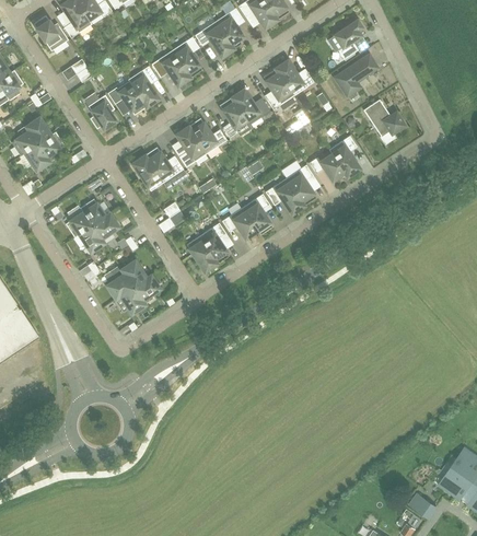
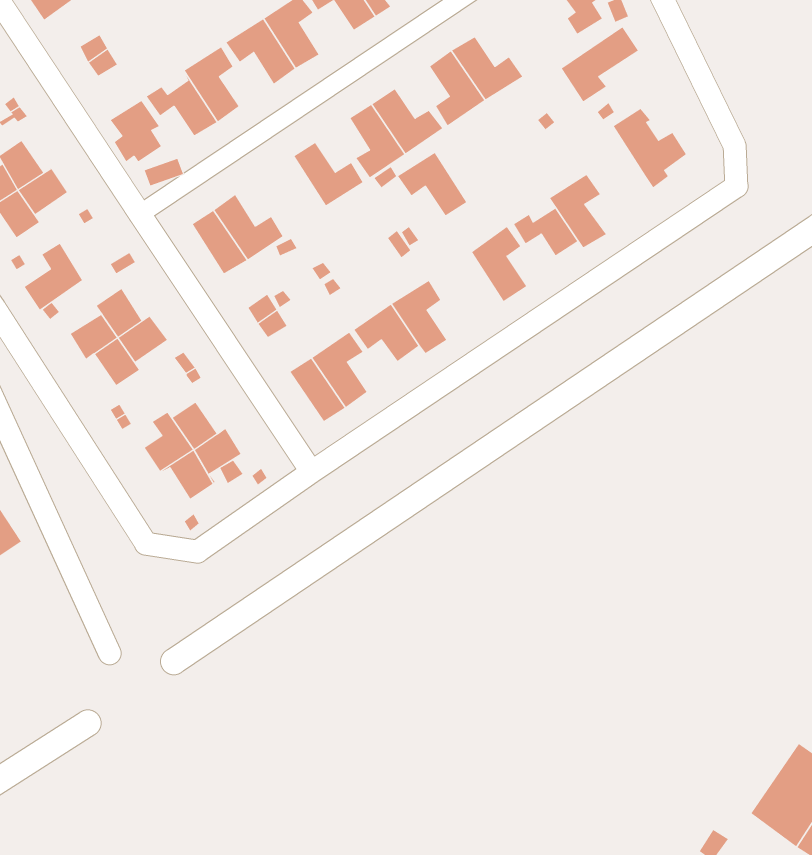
building: [175,125,206,166] -> none
building: none -> [24,243,83,310]
building: [265,177,303,212] -> [397,152,467,216]

